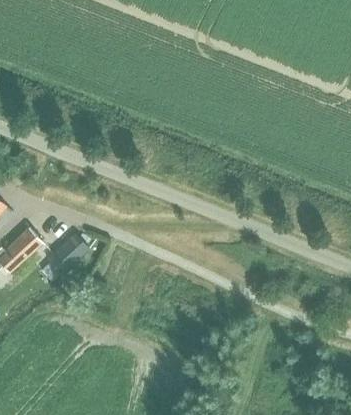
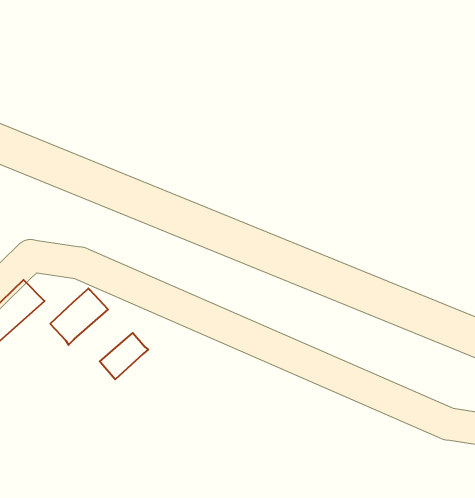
building: none -> [100,333,148,379]

